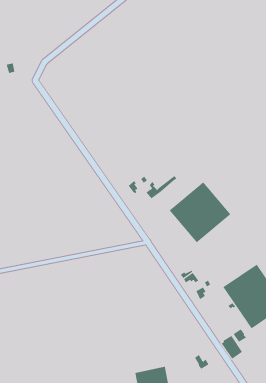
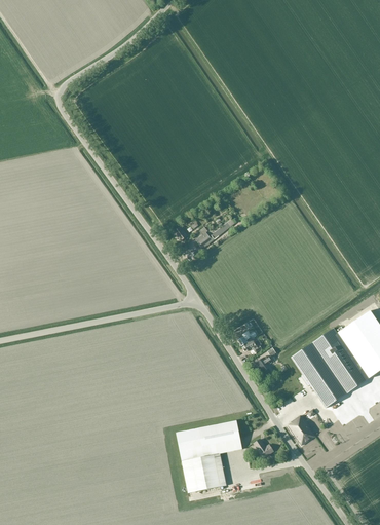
building: [169,181,231,243] -> none
building: none -> [177,420,242,460]

